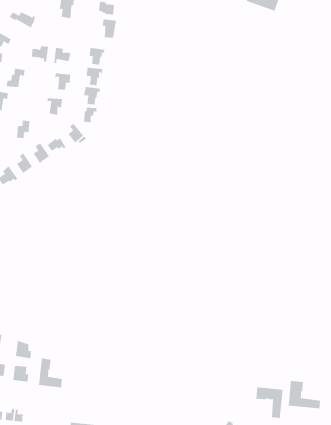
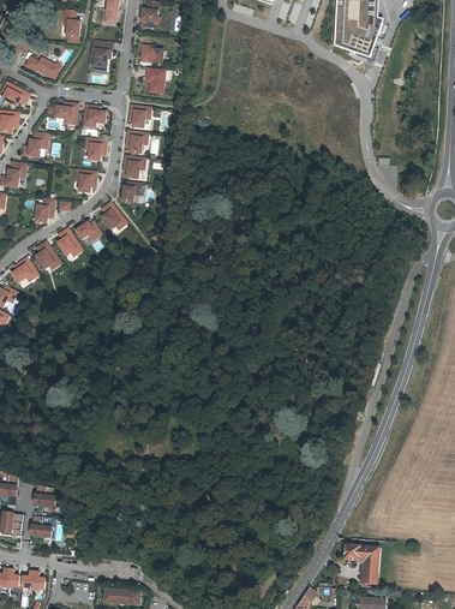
building: [38,358,63,388] -> none
building: [288,380,321,409] -> none

